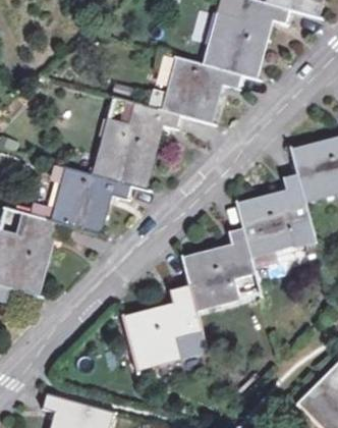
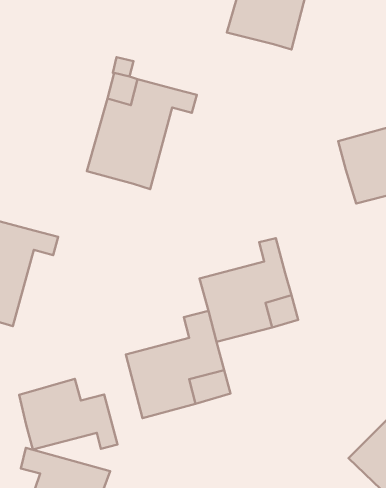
building: [164,58,240,122] -> none
building: [52,165,130,233] -> none
building: [236,173,315,255] -> none
building: none -> [19,379,117,450]

